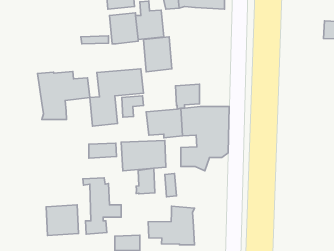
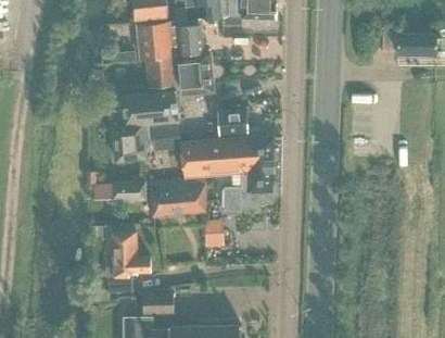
building: none -> [143,59,173,87]
building: [38,72,90,119] -> none
building: [136,168,155,194] -> none
building: [46,205,78,235] -> none
building: [148,206,195,245] -> none

